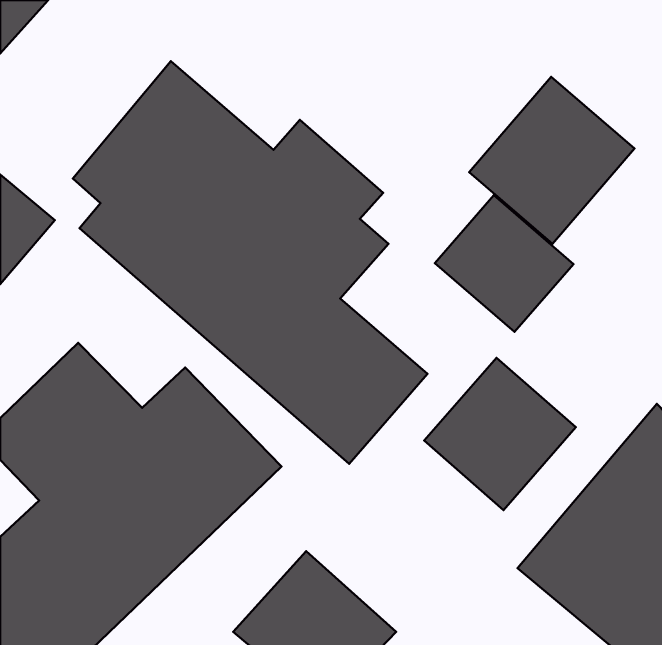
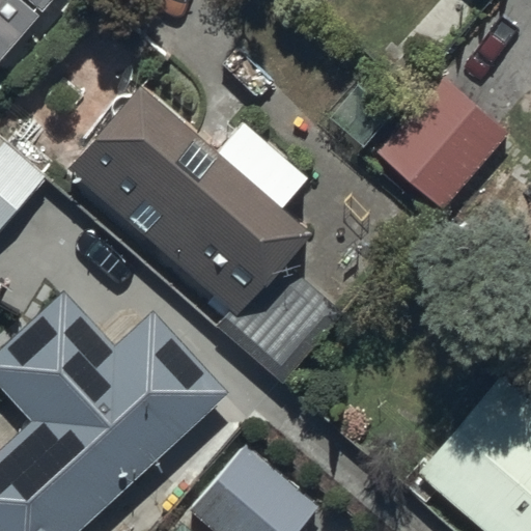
building: [435,195,573,332] -> none
building: [424,358,576,510] -> none

